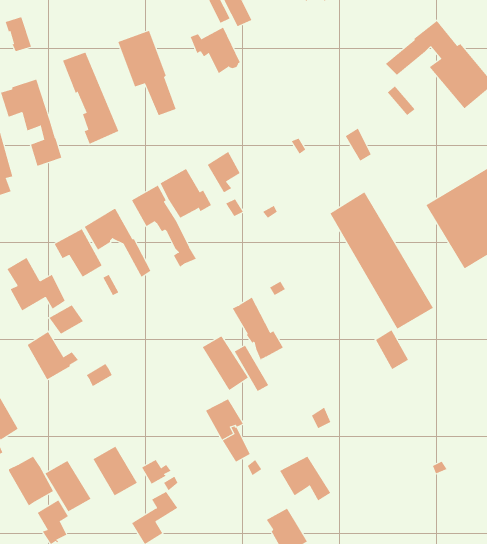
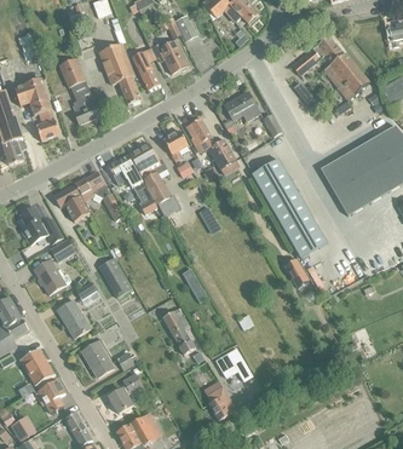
building: none -> [132,47,160,90]
building: none -> [224,91,260,120]
building: none -> [186,116,236,169]
building: [232,297,284,361] -> [143,171,180,217]
building: [202,335,249,391] -> [98,258,132,298]
building: [44,460,91,512] -> [57,300,91,338]

